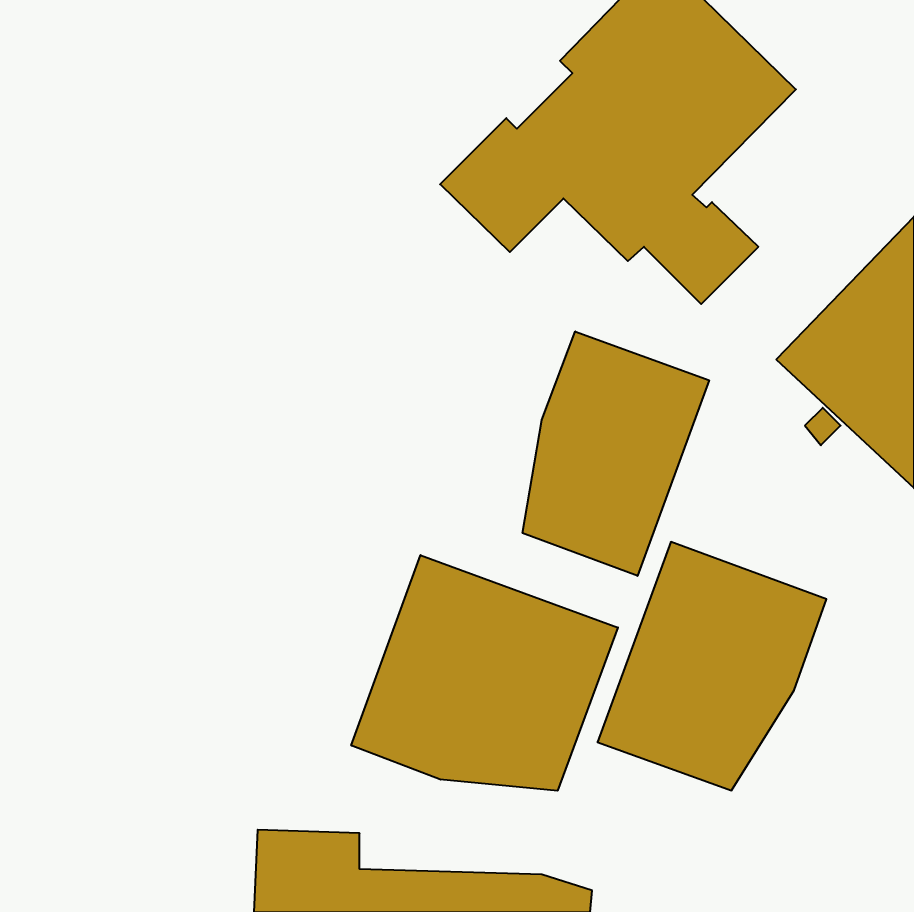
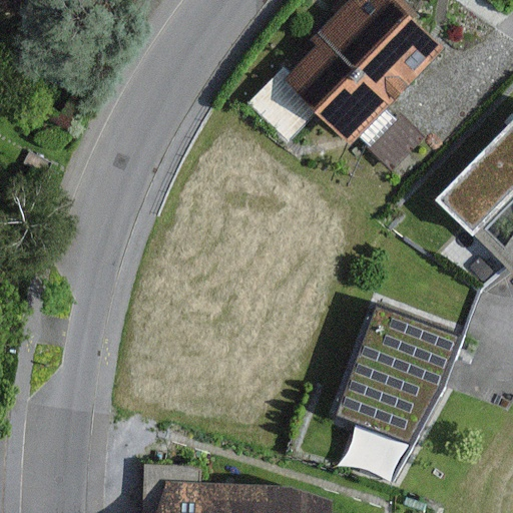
building: [523,331,709,576] -> none
building: [351,555,618,791] -> none

